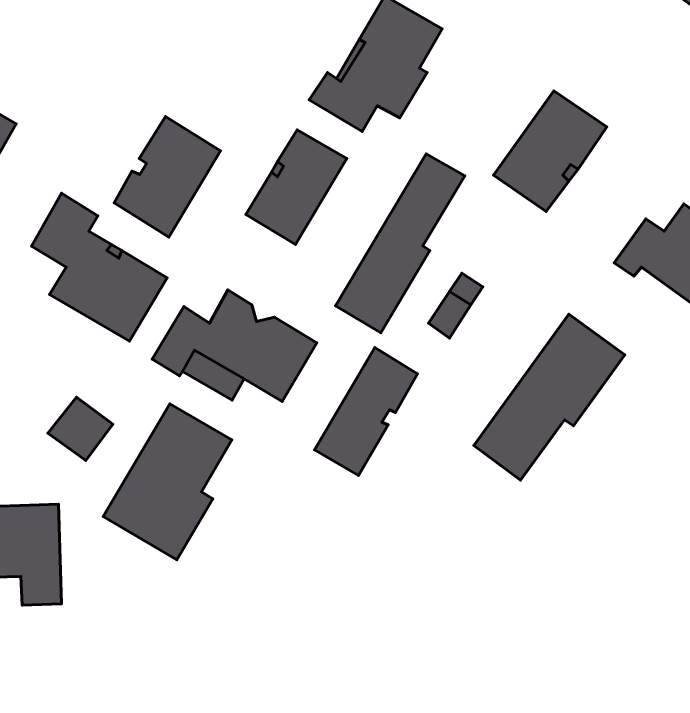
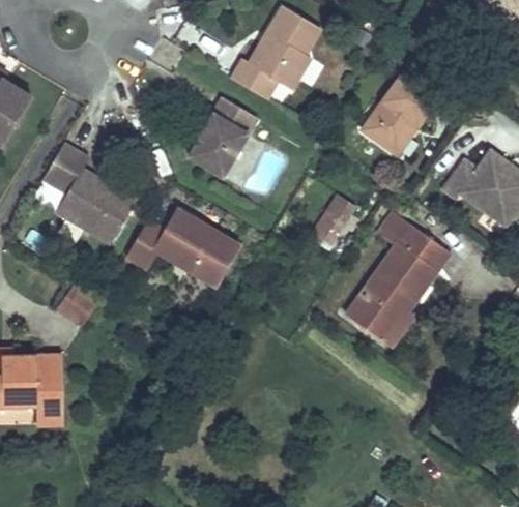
building: [114,117,220,237] -> none
building: [335,154,465,333] -> none
building: [314,348,418,475] -> none
building: [103,404,232,560] -> none

